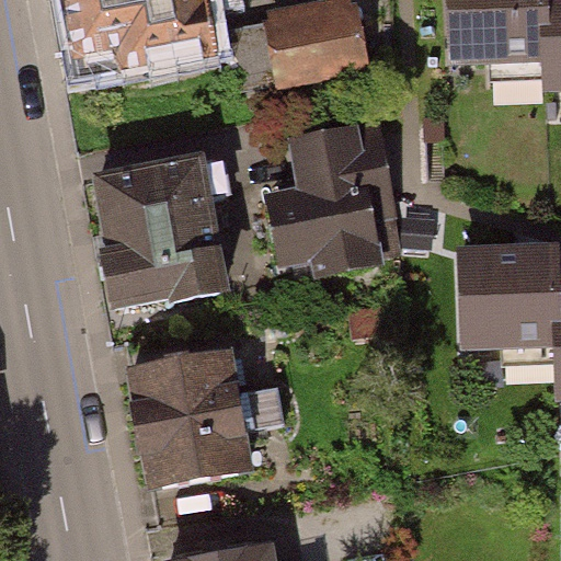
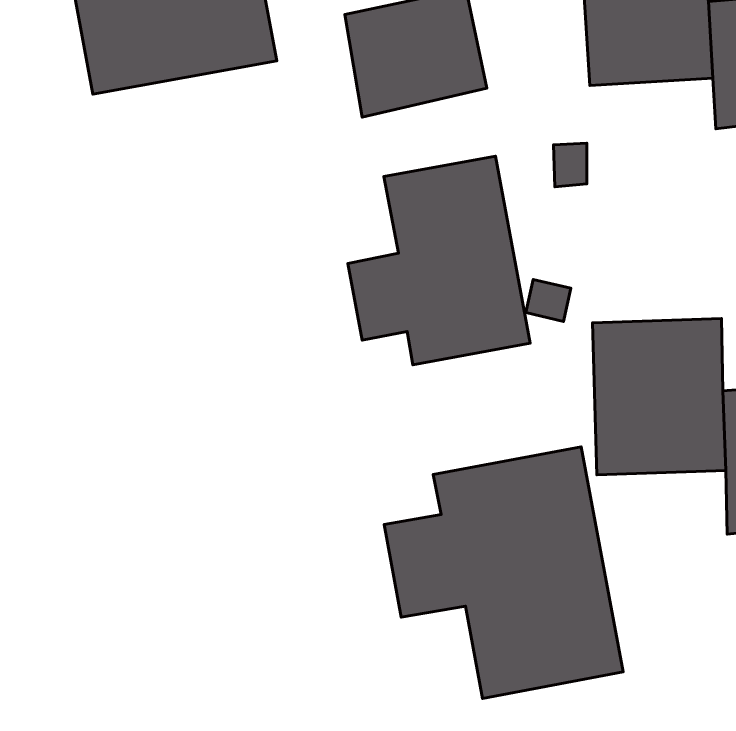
building: [88,150,227,314] -> none
building: none -> [384,447,623,699]
building: [133,350,289,488] -> none

